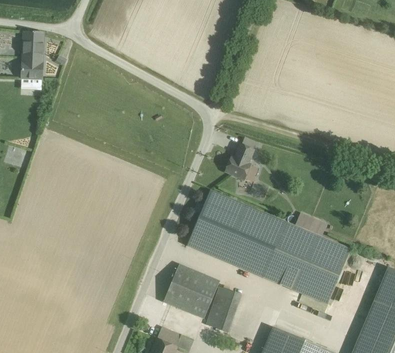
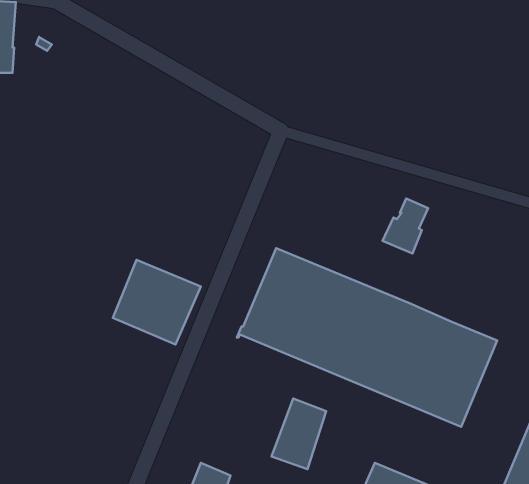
building: [225,144,254,179] -> [383,199,428,254]
building: [164,264,220,318] -> [113,260,201,345]

